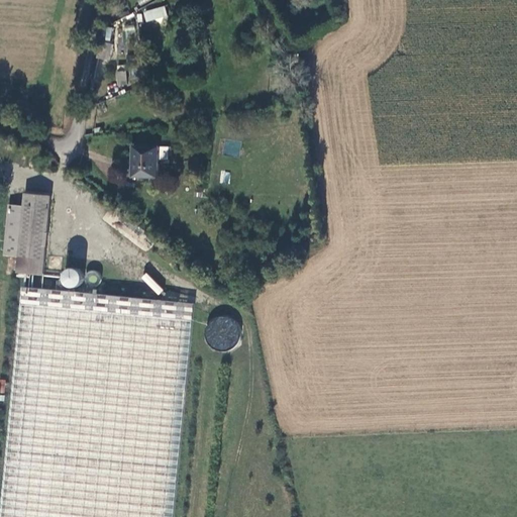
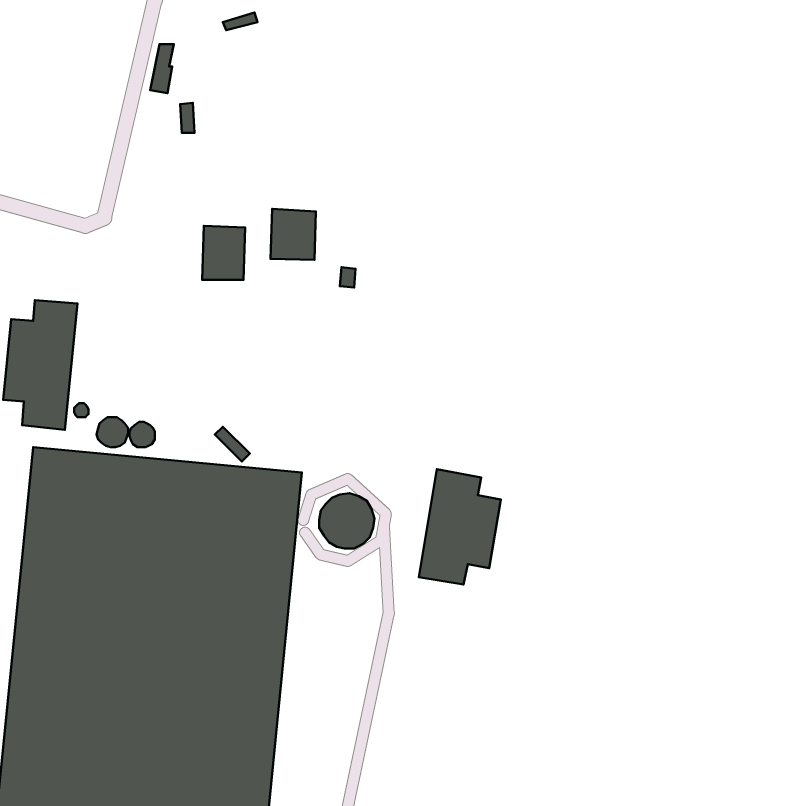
building: none -> [271,209,316,260]
building: none -> [419,469,501,584]

